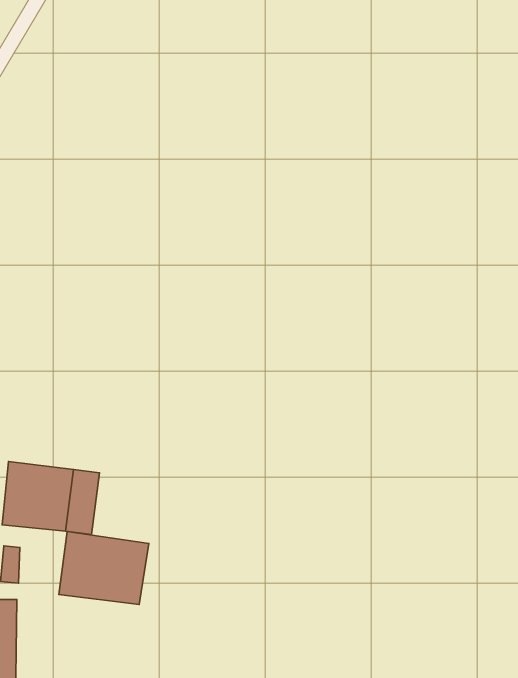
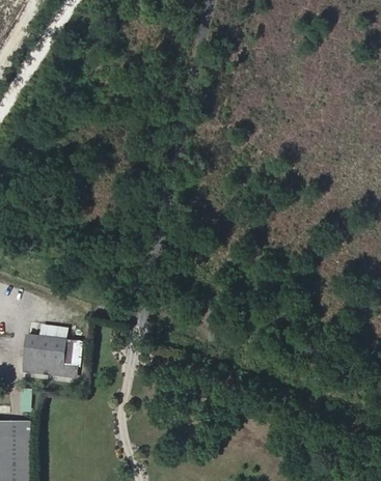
building: [59,531,149,605] -> none

